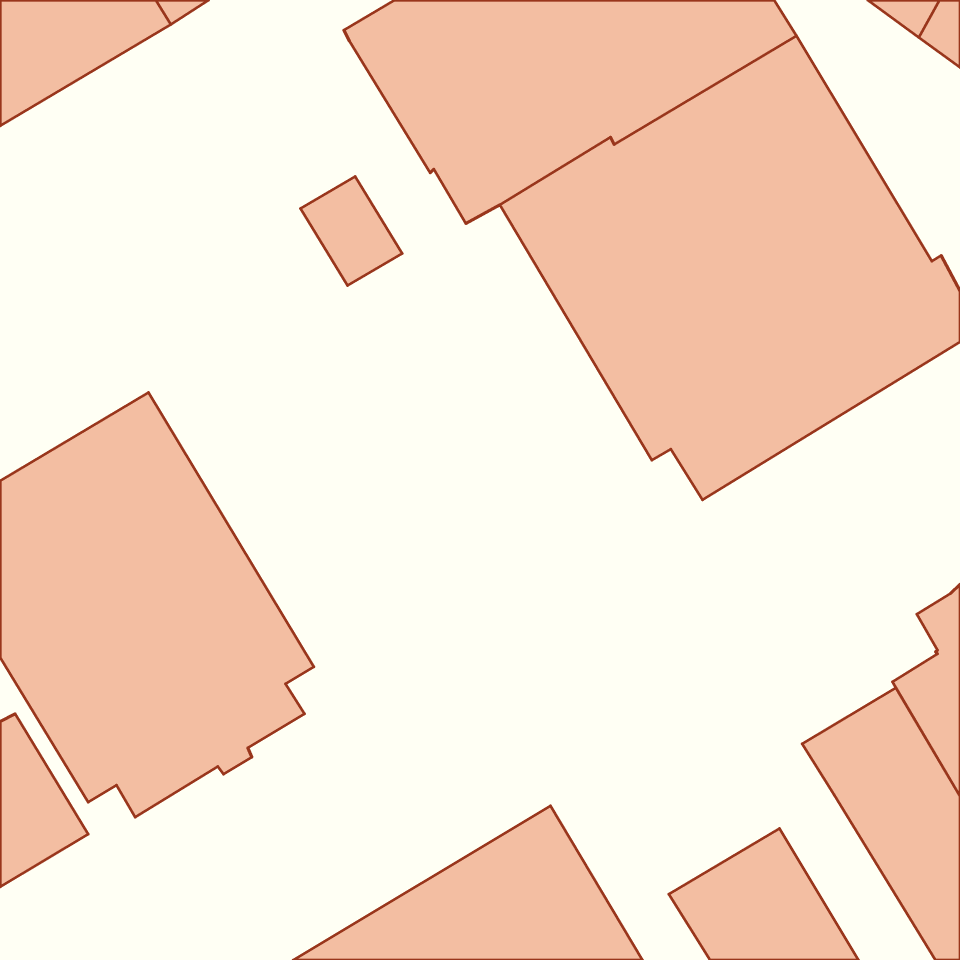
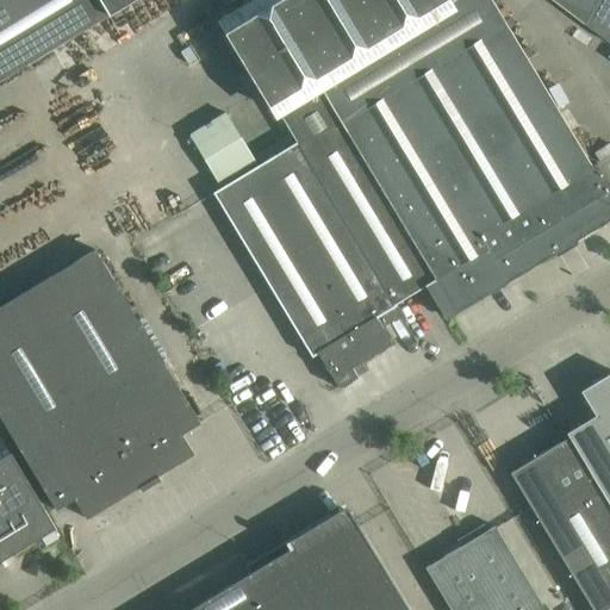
building: none -> [212,130,413,387]

